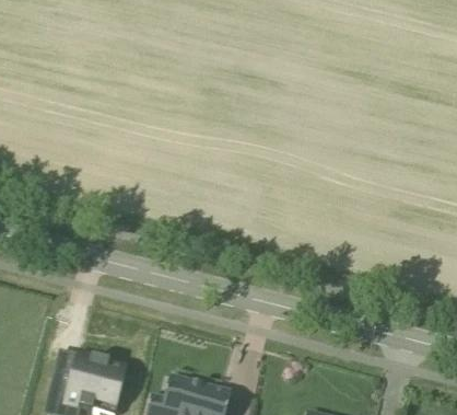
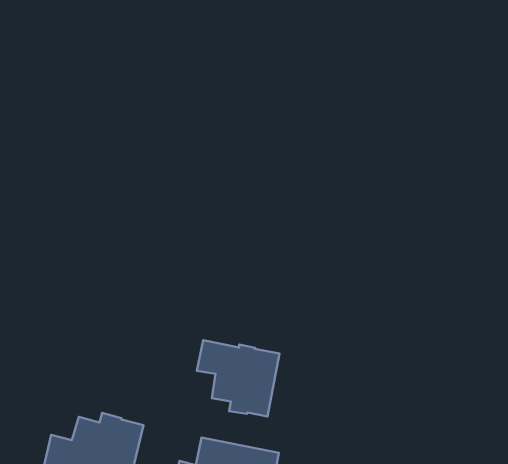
building: none -> [197,340,280,416]

